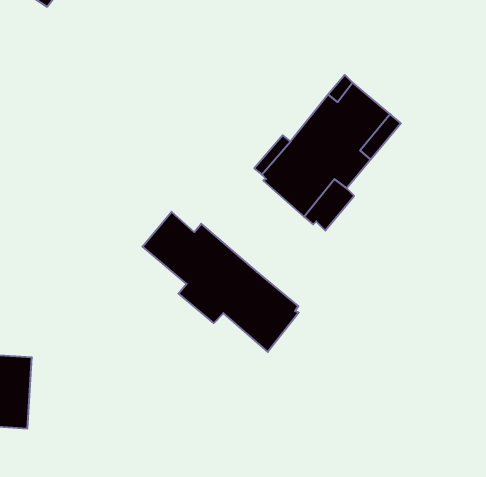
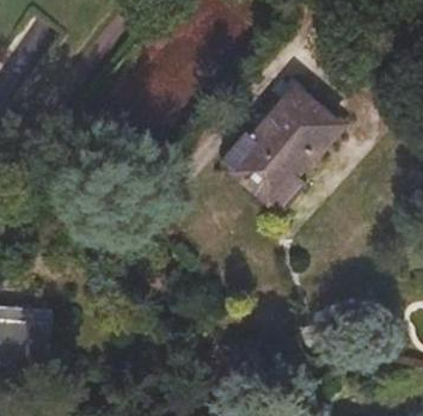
building: [142,212,299,352] -> none

